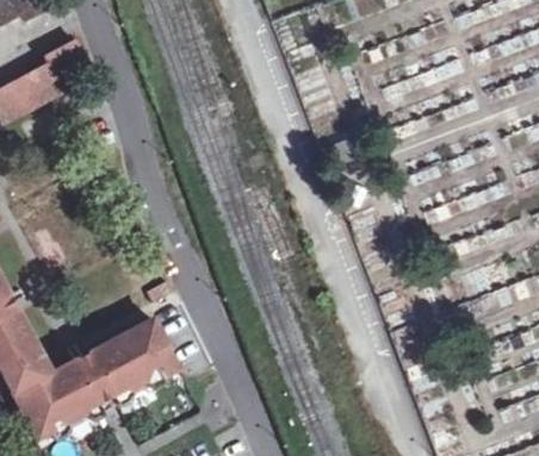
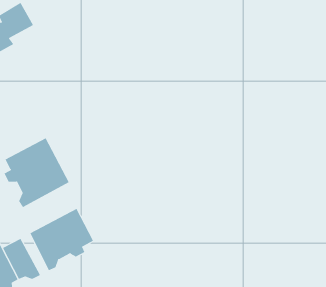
building: none -> [4,137,69,208]

